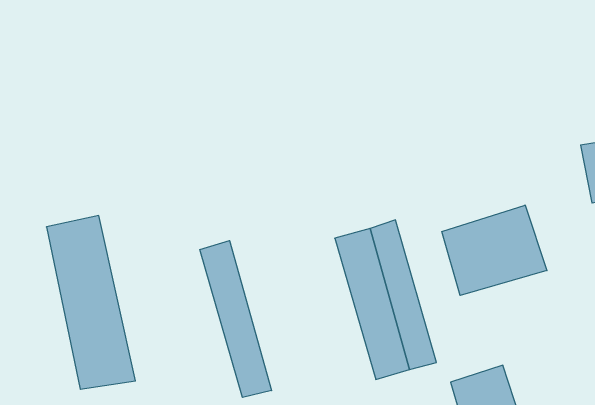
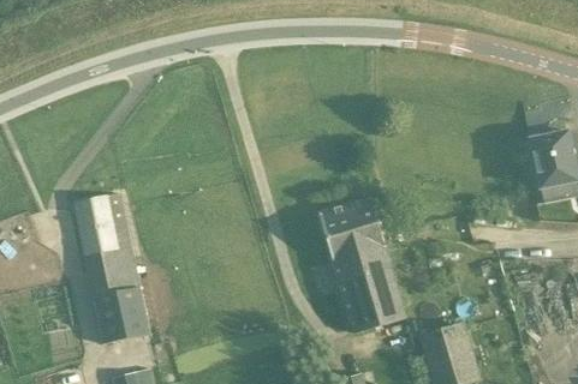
building: [442,205,547,295] -> none
building: [200,241,272,397] -> none

